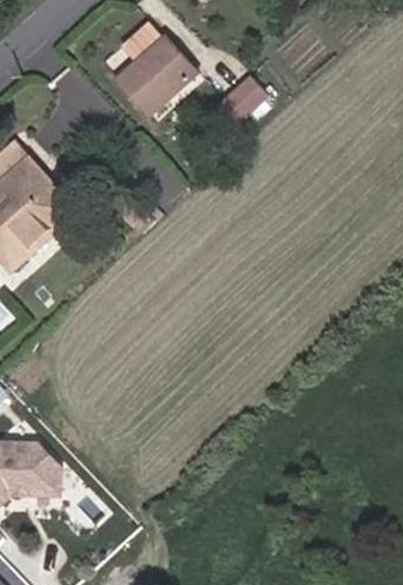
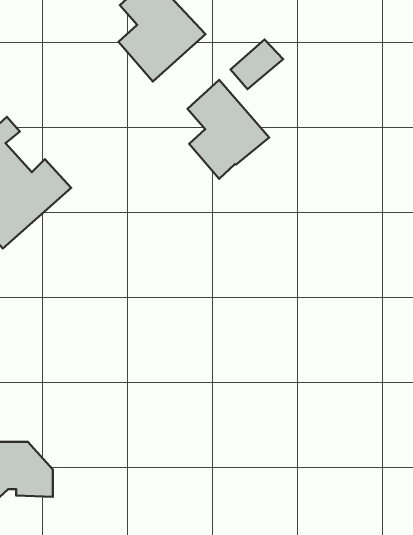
building: none -> [188,80,269,179]

